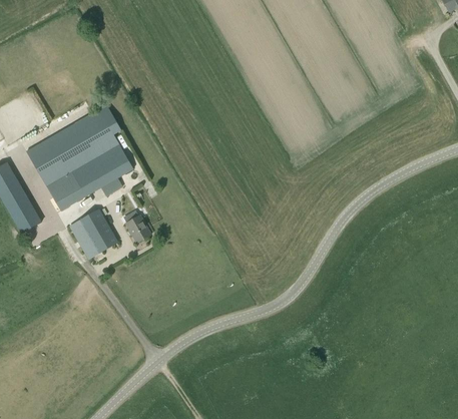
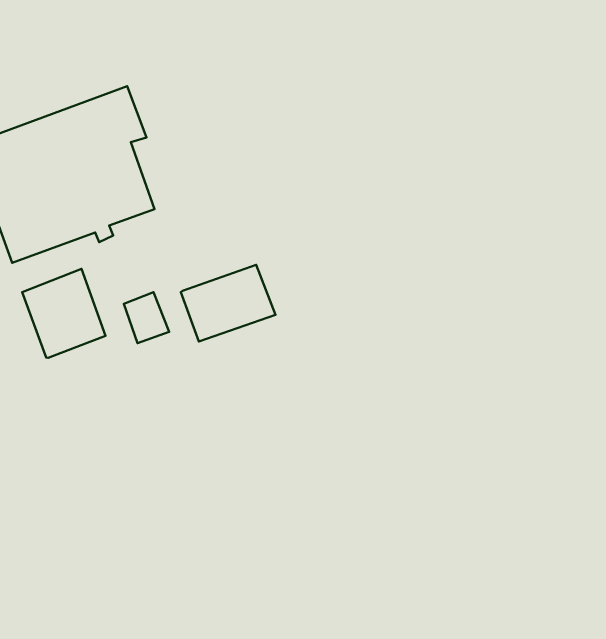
building: none -> [181,265,275,342]

